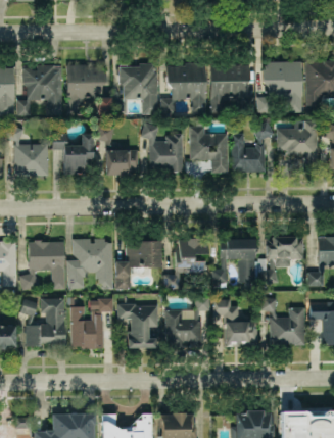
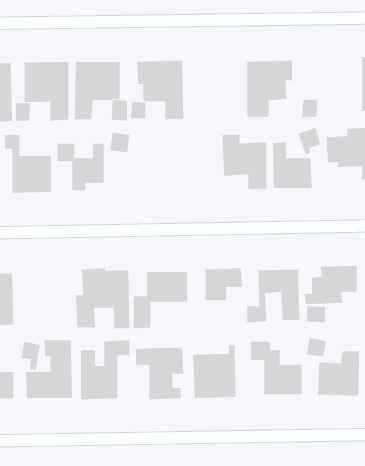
building: [264,61,302,112] -> none
building: [161,64,206,112] -> none
building: [143,125,183,171] -> none
building: [105,149,139,175] -> none
building: [20,240,65,290] -> none

